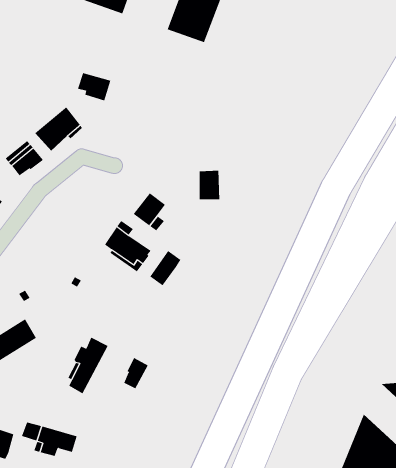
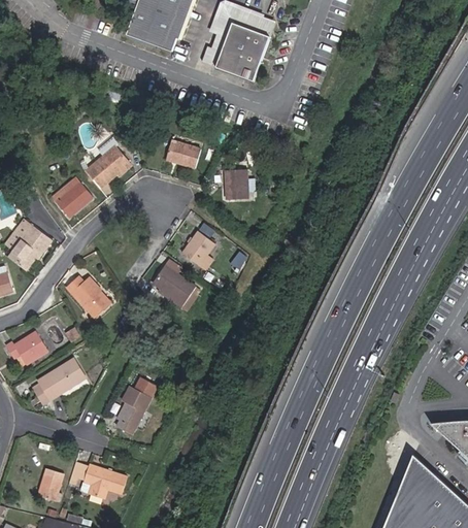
building: [77,72,111,101] -> [166,140,200,169]
building: [199,170,220,200] -> [226,170,247,200]
building: none -> [67,276,109,317]
building: [149,250,181,286] -> none
building: [124,357,148,389] -> none

